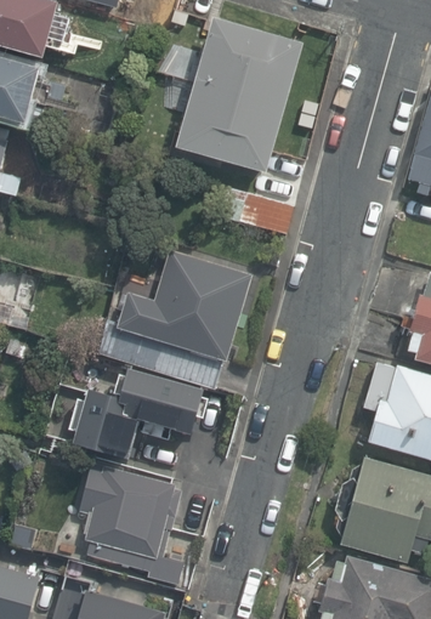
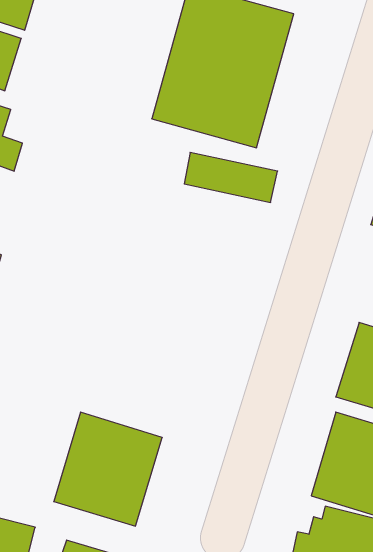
building: [113,248,253,365] -> none
building: [47,367,206,454] -> none

